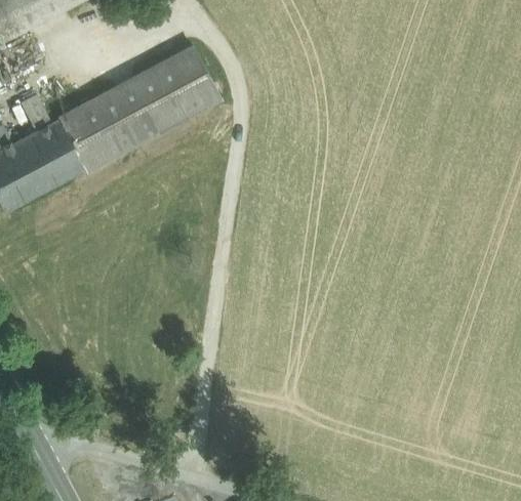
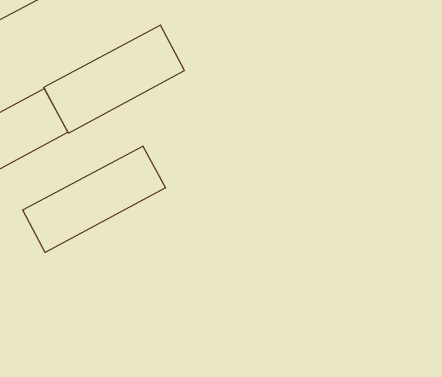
building: none -> [23,146,166,252]

